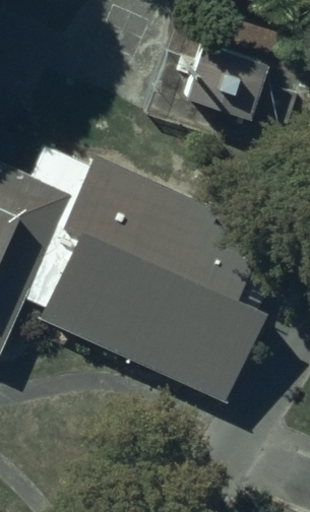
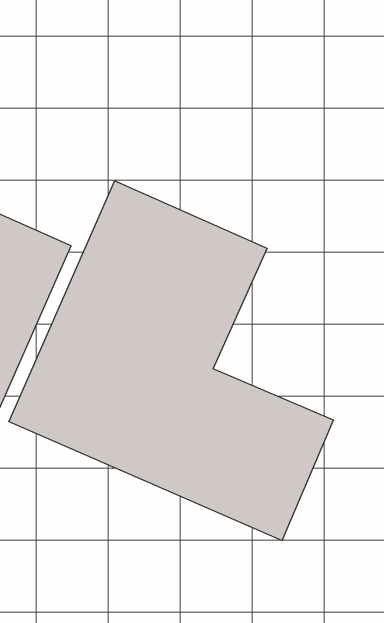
building: [172,19,271,118] -> none

